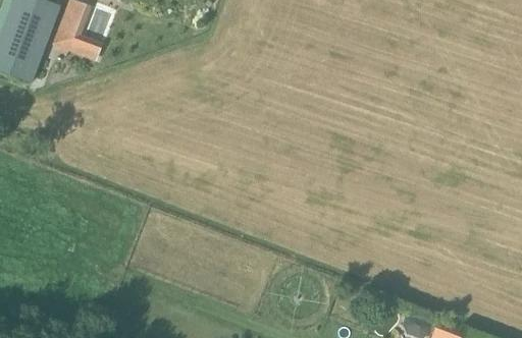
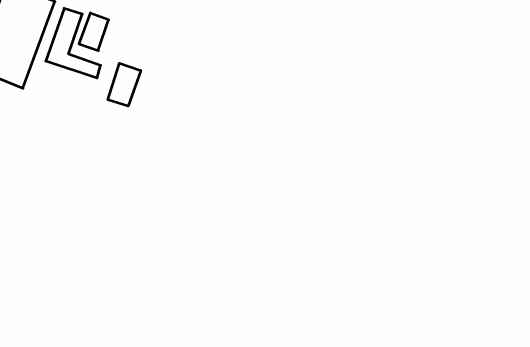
building: none -> [108,63,141,106]

